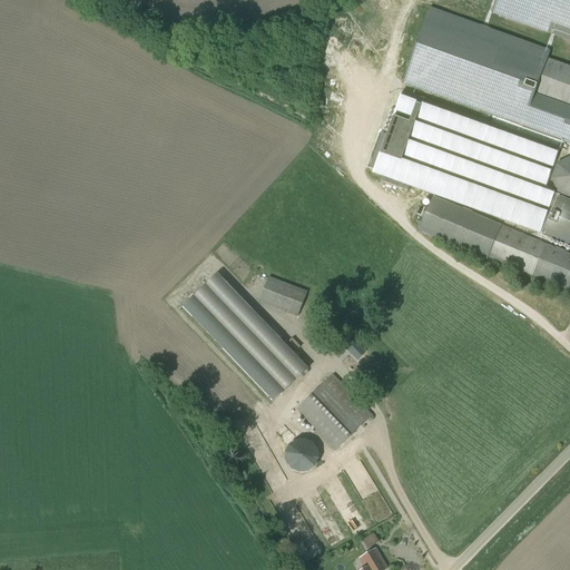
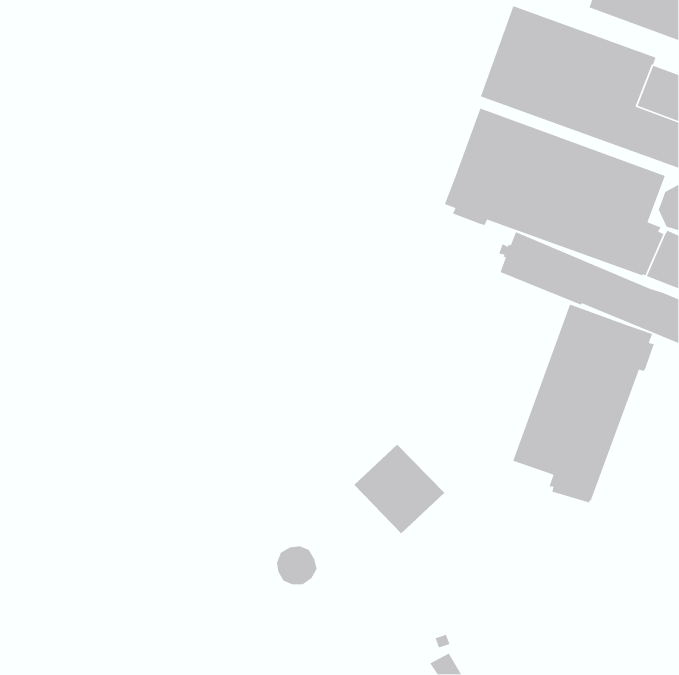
building: none -> [512,304,655,503]
building: [183,272,308,400] -> none
building: [258,274,307,315] -> none
building: [285,436,320,470] -> [276,545,318,585]

